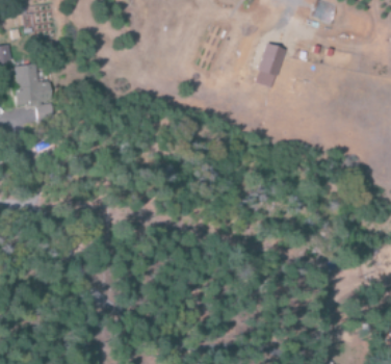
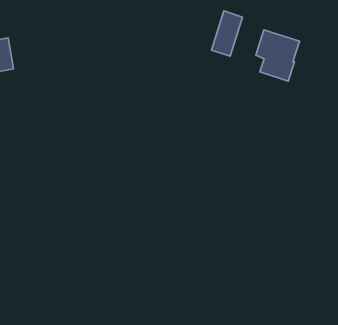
building: none -> [256,30,299,81]

